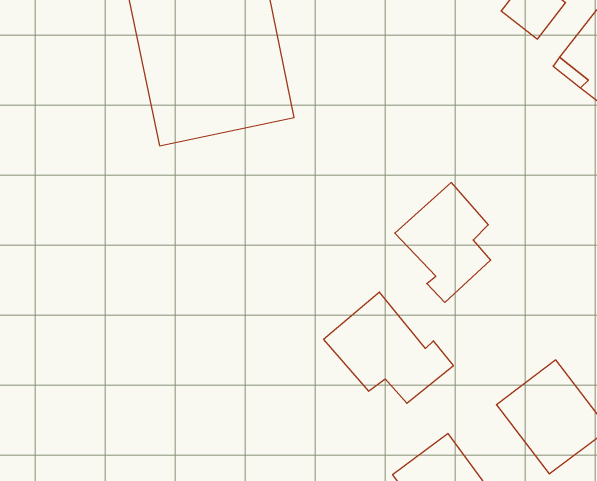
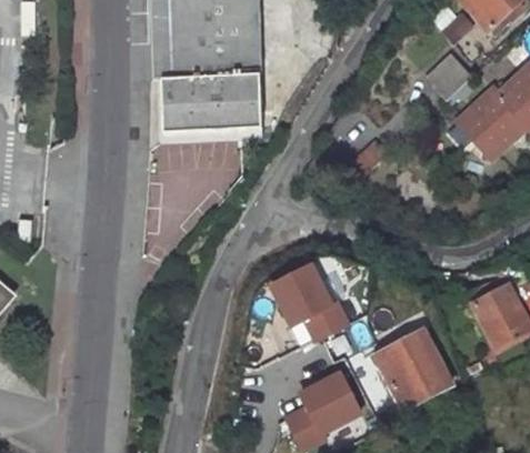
building: [395,183,491,302] -> none

